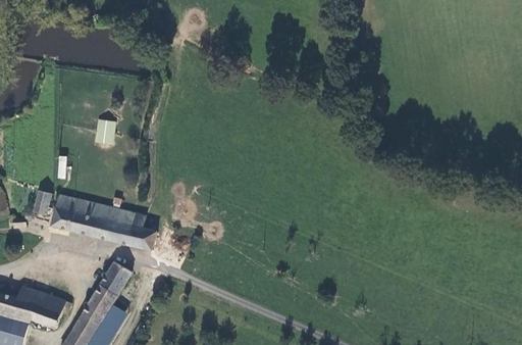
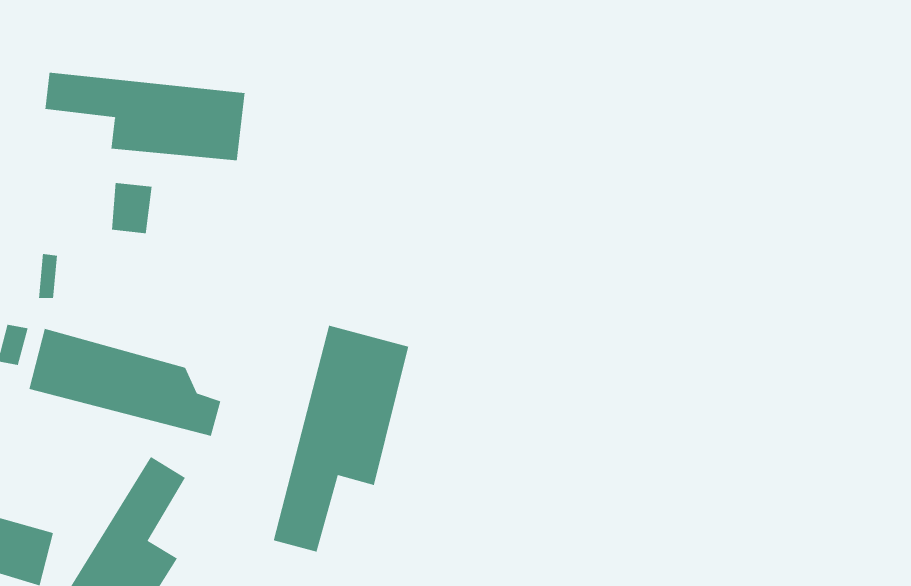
building: none -> [45,72,245,161]
building: none -> [273,325,409,552]

